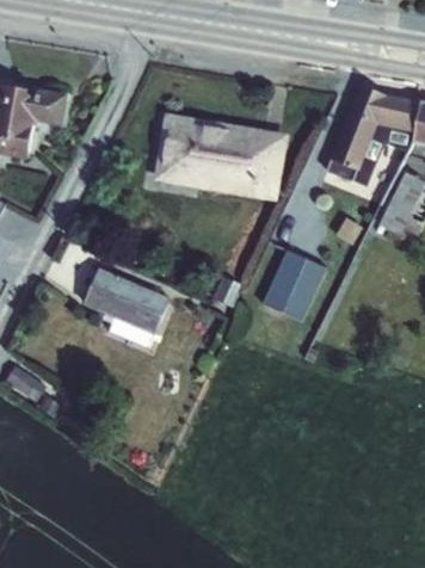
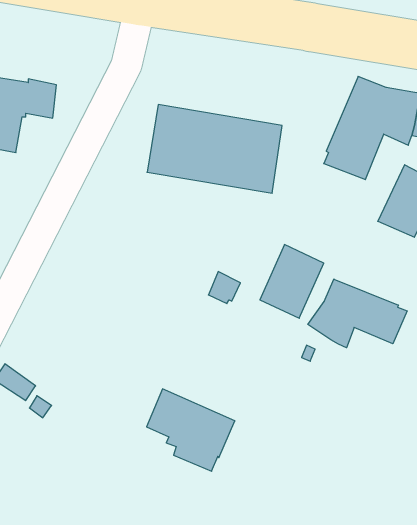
building: [84,266,170,346] -> [147,389,235,471]
building: none -> [308,279,407,348]

